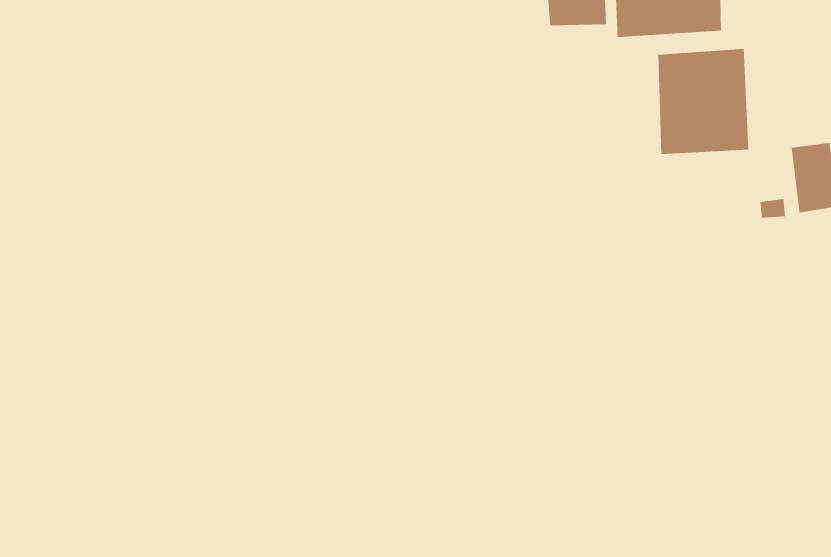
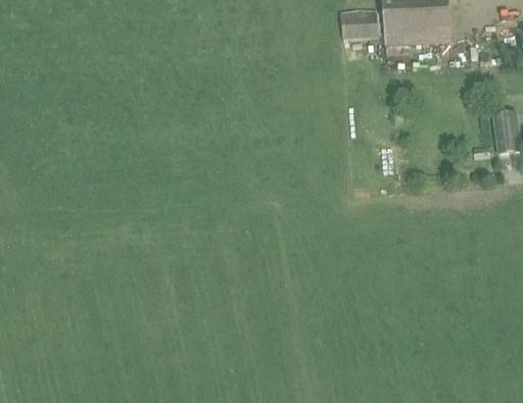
building: [658,48,749,155] -> none

